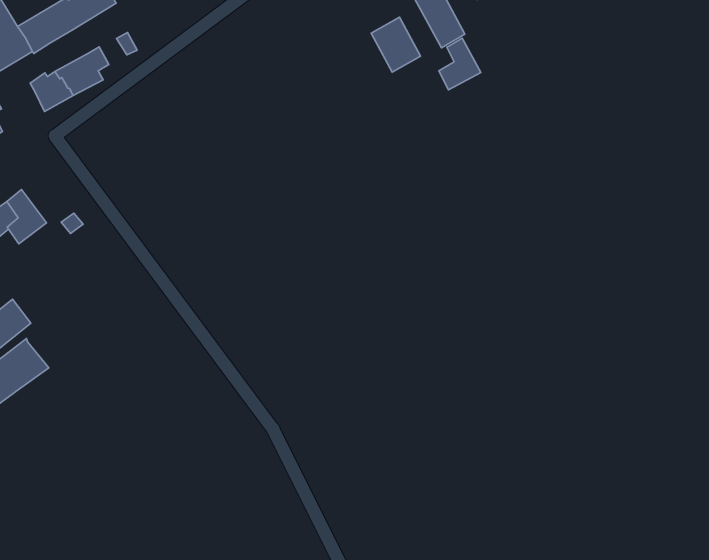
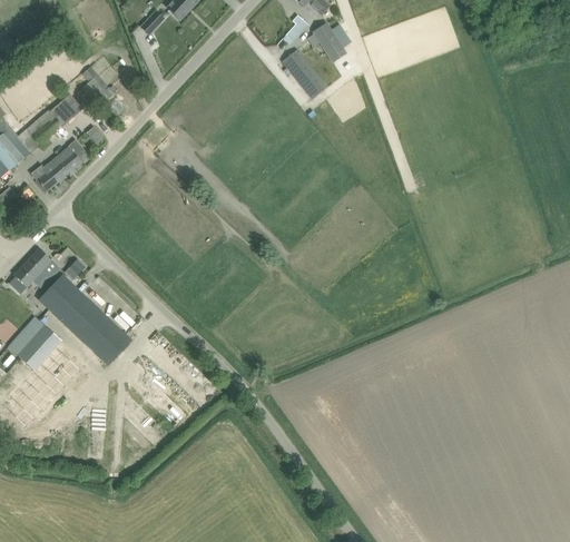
building: [371,17,421,72] -> none
building: [439,38,481,90] -> none
building: none -> [38,275,129,364]

